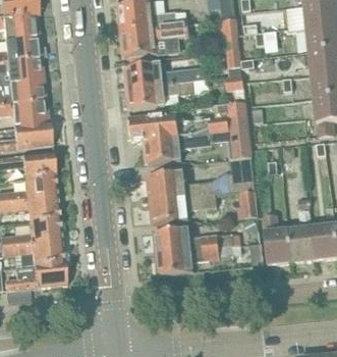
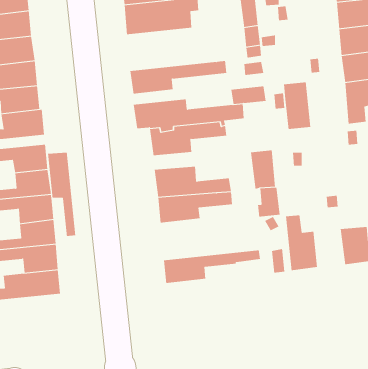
building: [124,62,203,88] -> none
building: [226,114,250,156] -> [283,82,311,129]
building: none -> [48,152,76,237]
building: [154,226,240,254] -> none
building: [288,226,315,260] -> none

